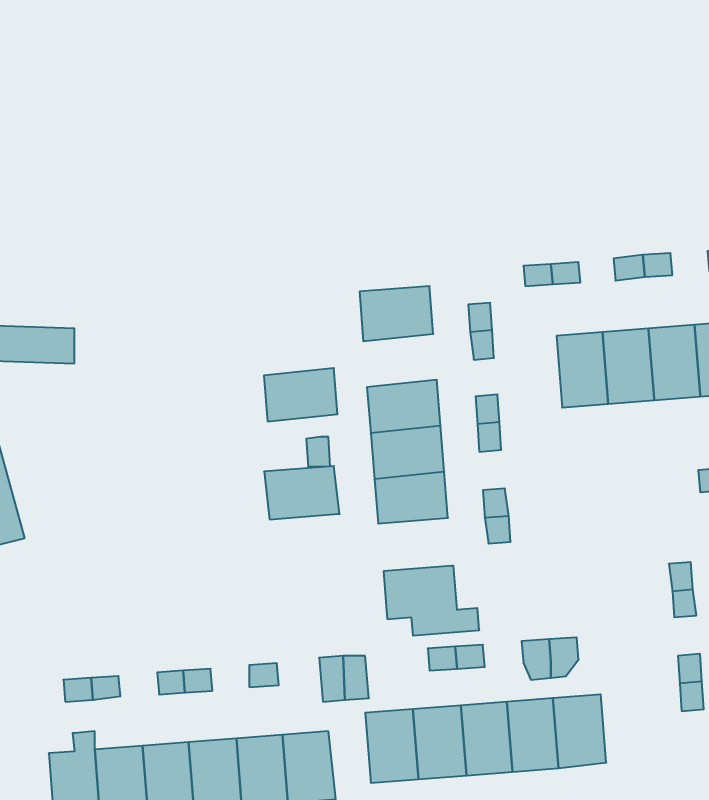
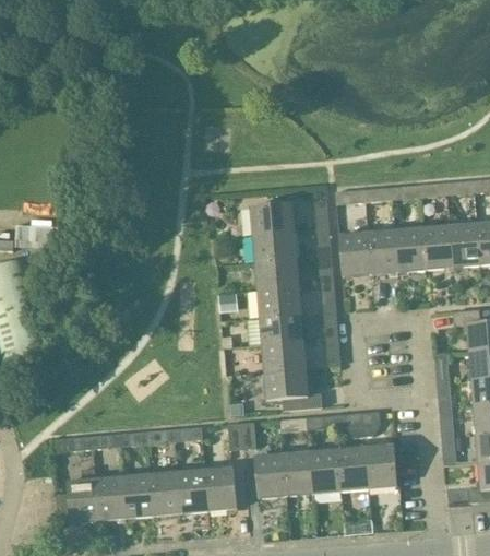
building: none -> [339,232,371,276]
building: [264,368,338,421] -> [253,230,297,262]
building: [264,466,340,519] -> [262,340,307,371]

